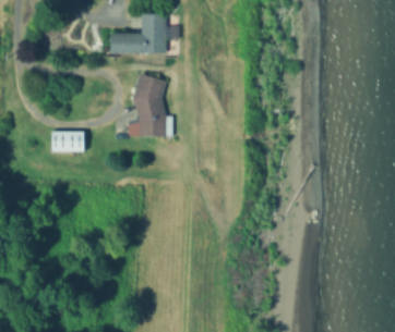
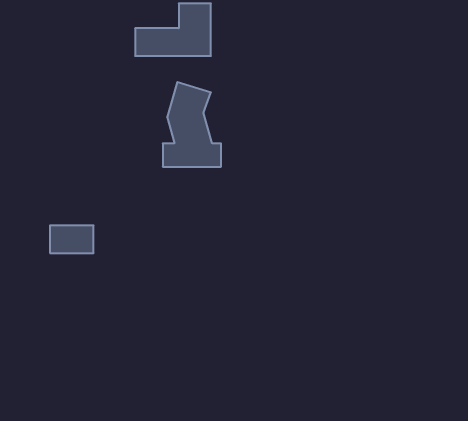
building: [51,130,84,150] -> [50,225,94,253]

